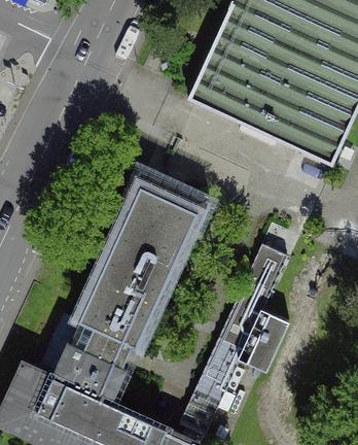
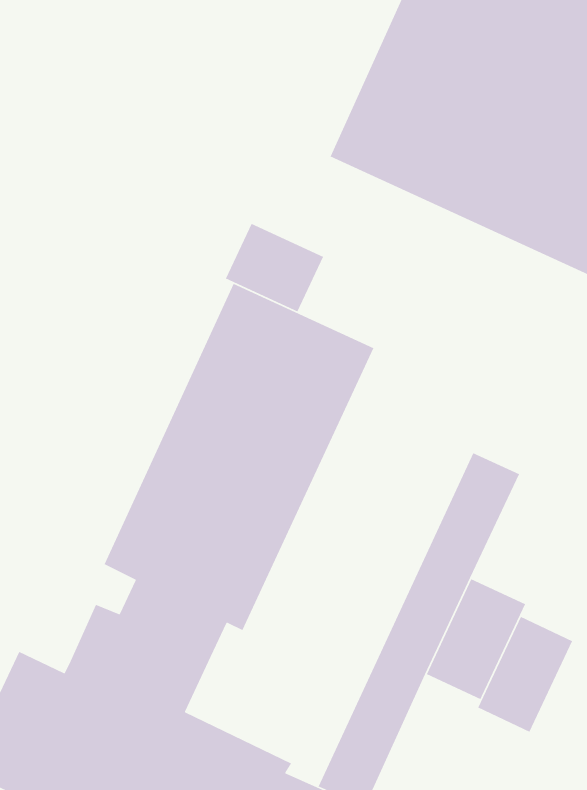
building: none -> [225,223,324,313]
building: none -> [477,616,573,733]

